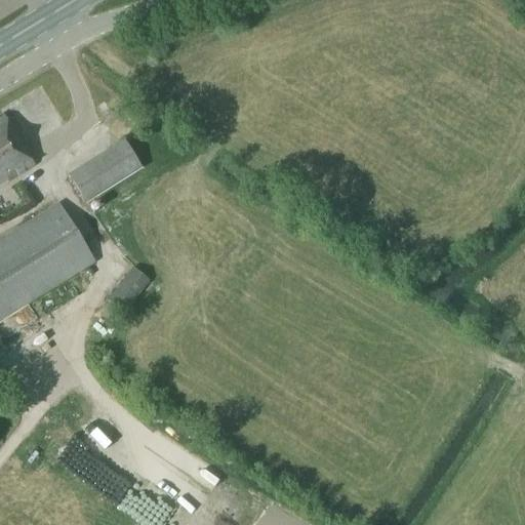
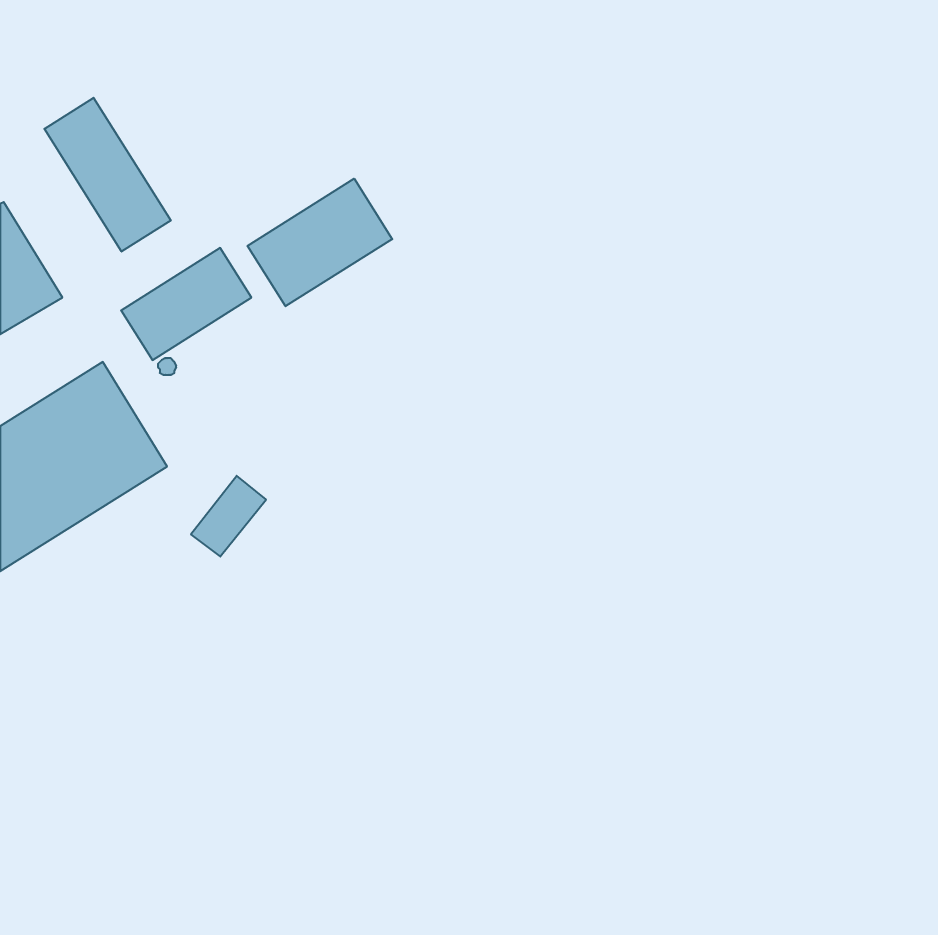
building: none -> [44,98,171,252]
building: none -> [248,179,392,306]

